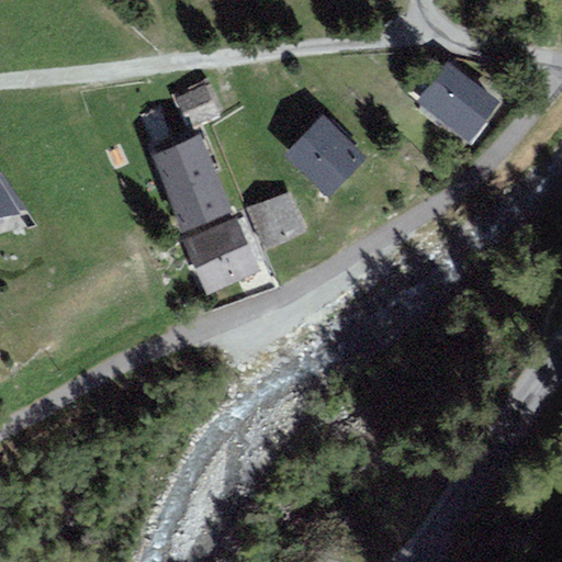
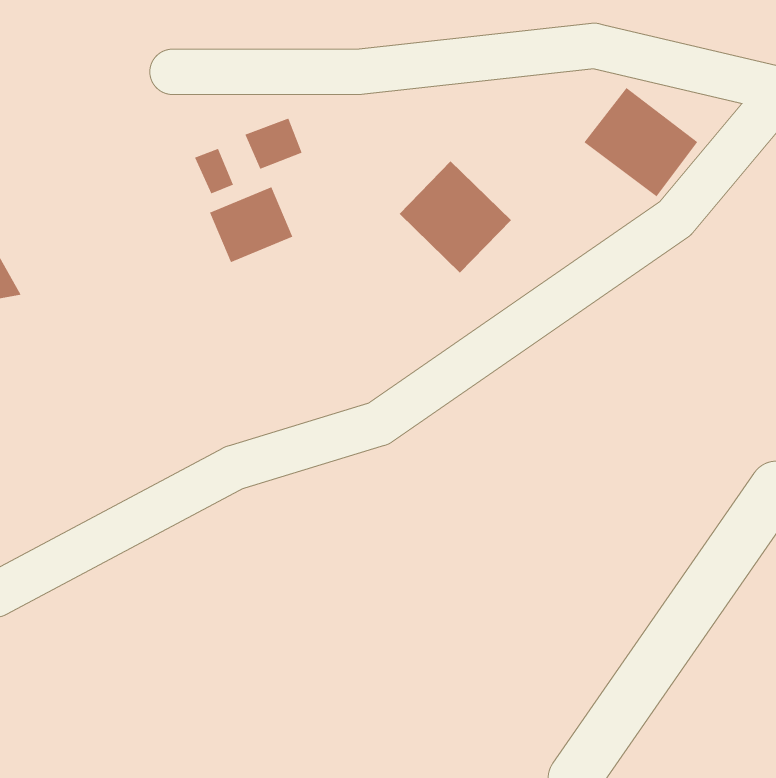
building: [166,170,226,226] -> none
building: [250,193,300,241] -> none
building: [186,220,252,288] -> none

